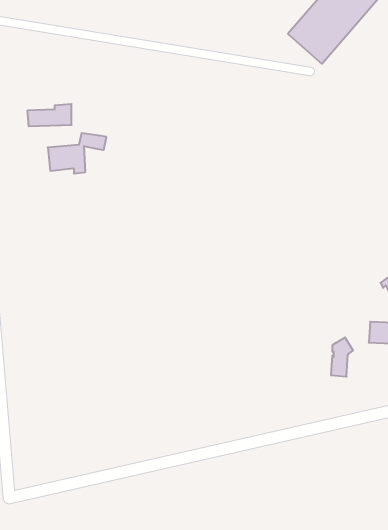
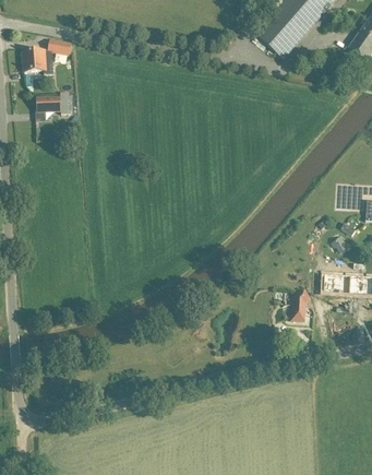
building: [48,133,106,173] -> [22,39,71,73]

